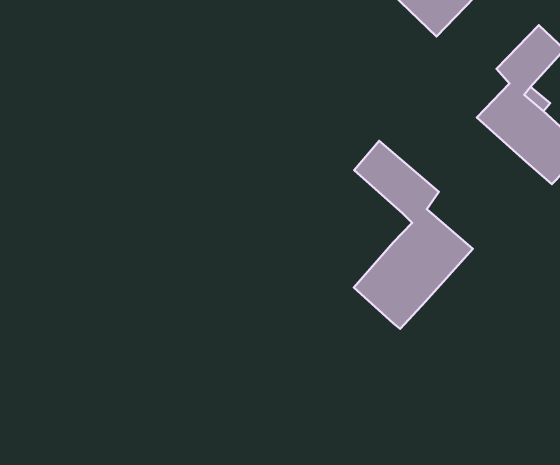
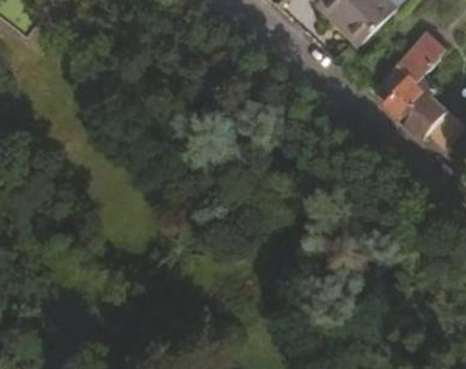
building: [354,141,473,329] -> none

